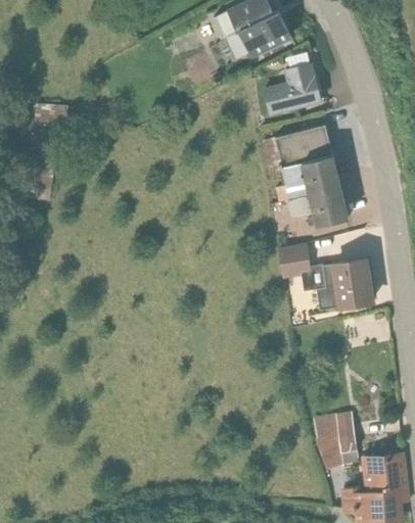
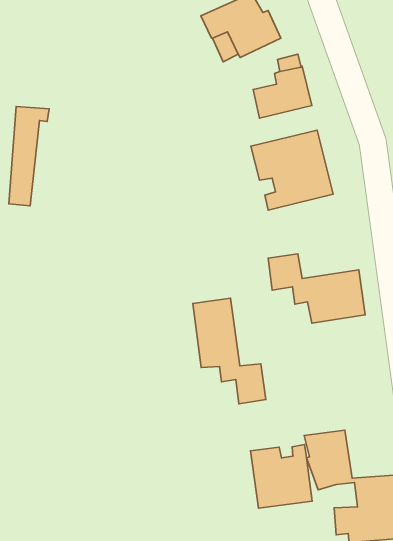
building: [288,186,349,226] -> none
building: none -> [193,298,266,404]
building: none -> [251,445,312,508]

